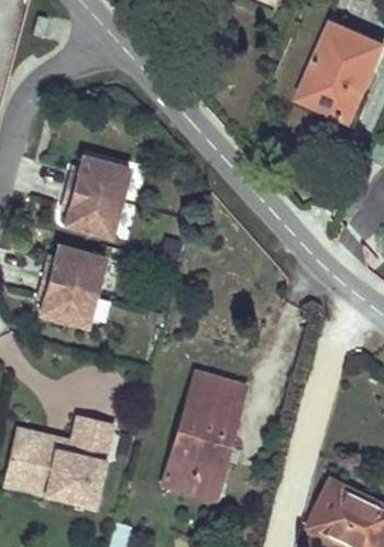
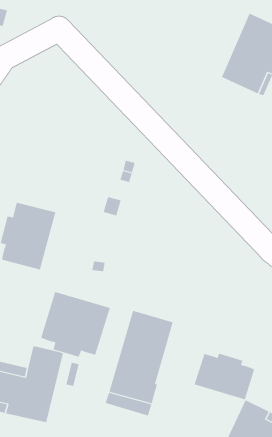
building: [63,156,130,237] -> none
building: none -> [41,291,111,357]
building: none -> [194,353,255,400]

